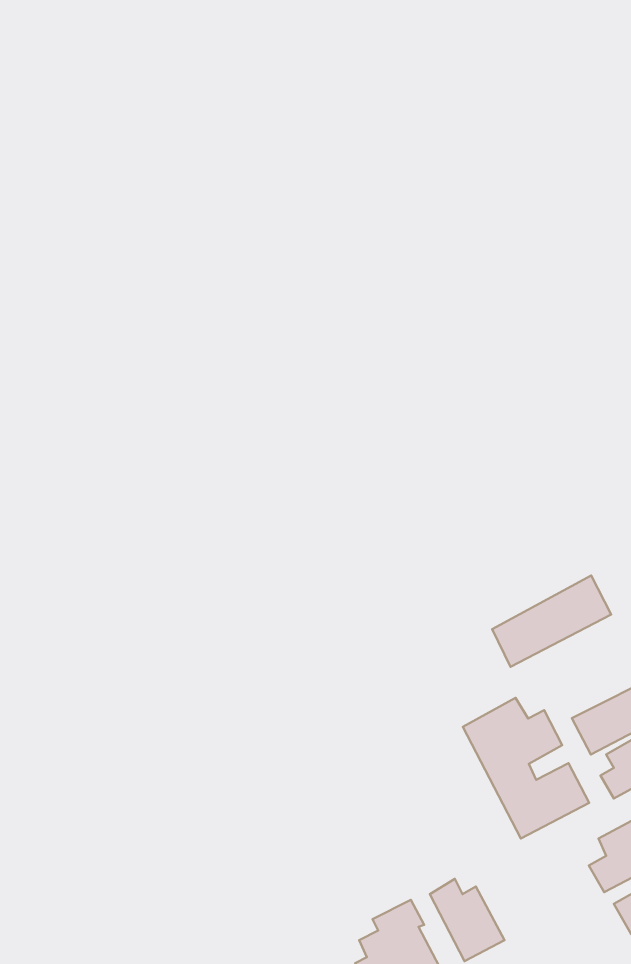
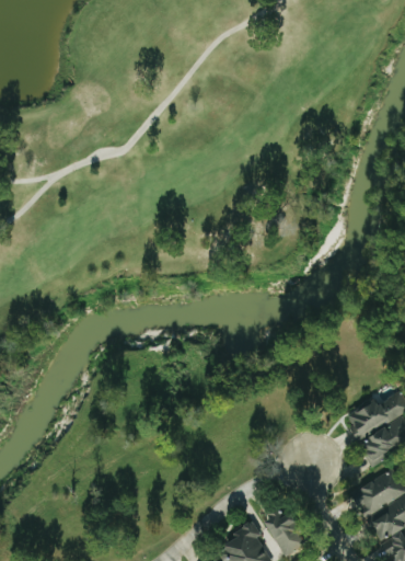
building: [492,576,611,667] -> none
building: [463,698,589,839] -> none

